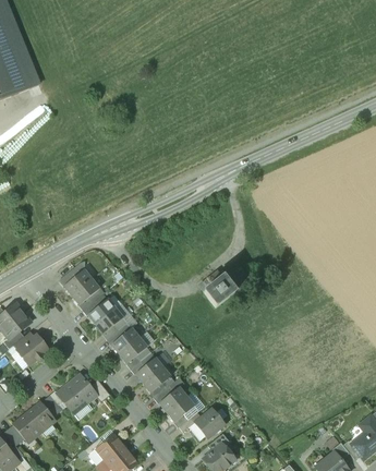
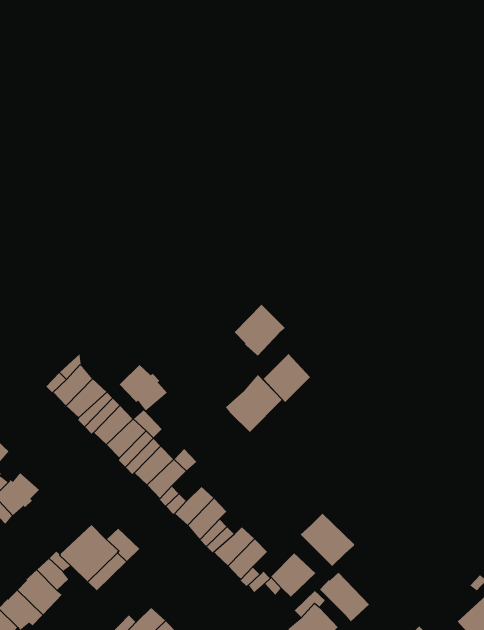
building: none -> [234,304,286,357]
building: none -> [119,364,168,411]
building: none -> [225,374,282,433]
building: none -> [300,513,355,567]
building: none -> [319,572,370,622]

